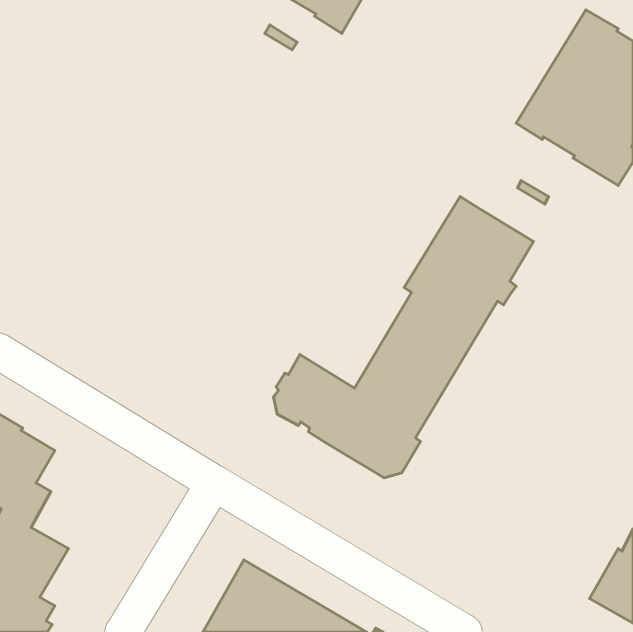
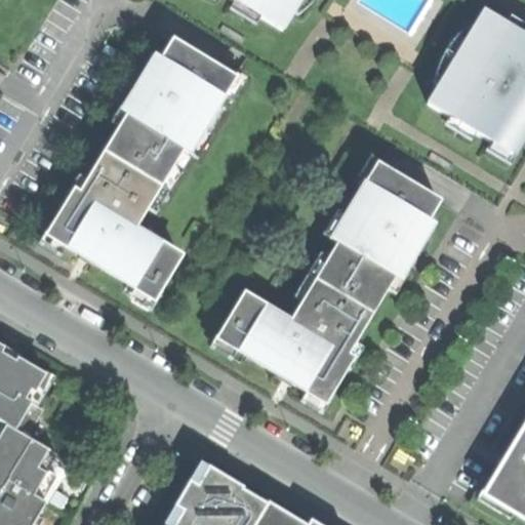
building: none -> [55,38,236,290]

